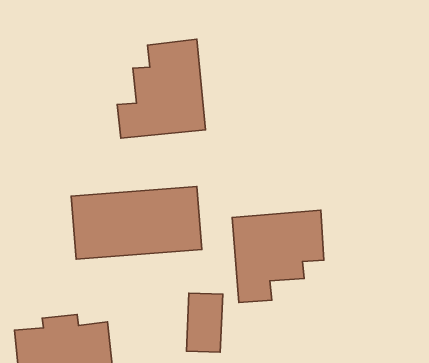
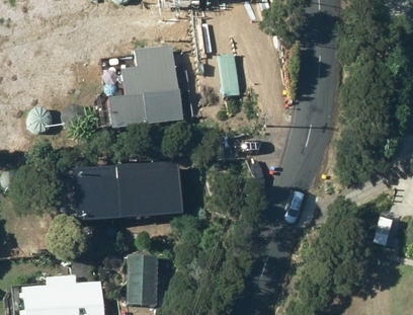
building: [232,210,324,303] -> none
building: [186,293,223,352] -> [128,252,158,302]

